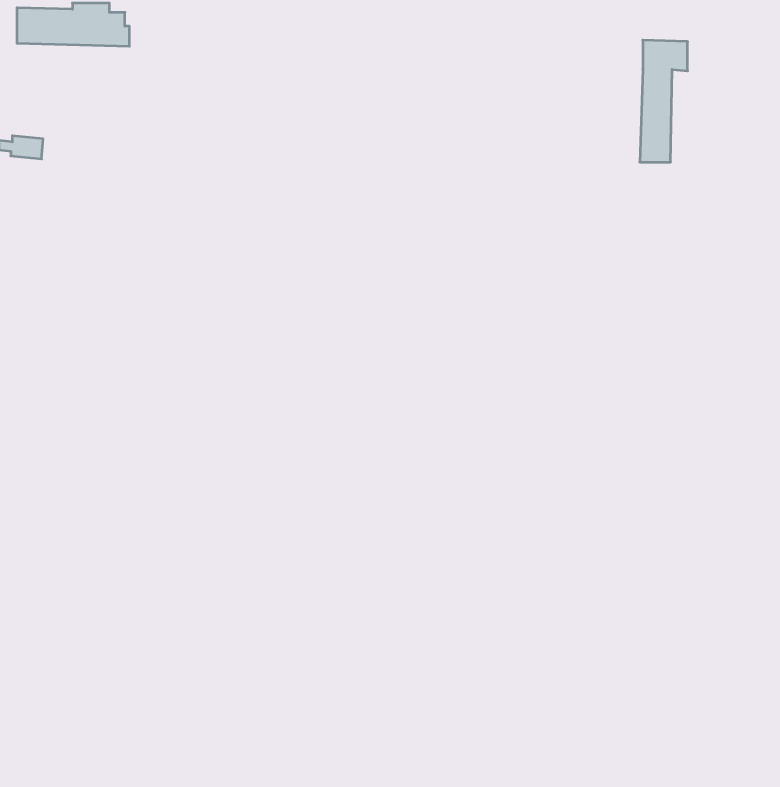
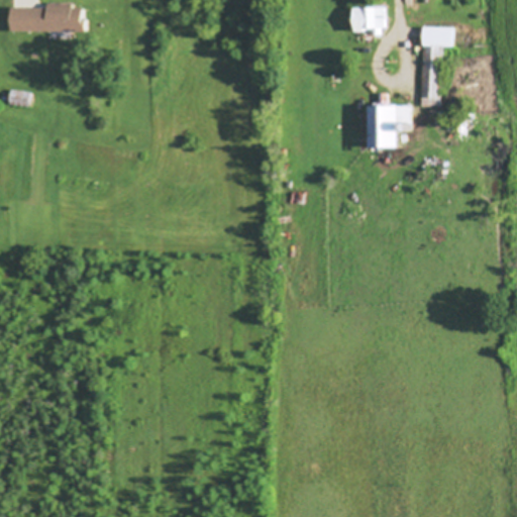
building: none -> [352,6,383,34]
building: none -> [368,95,409,147]

